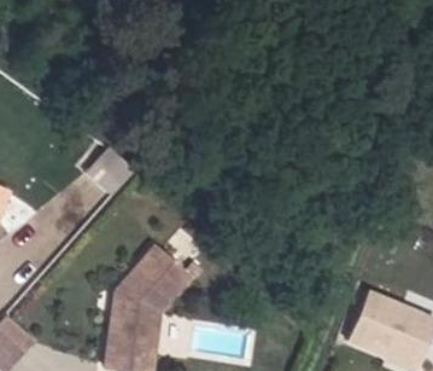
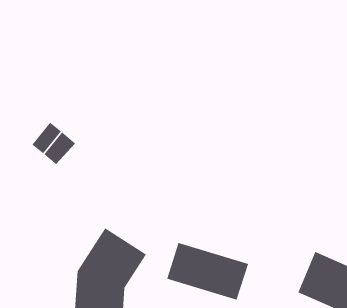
building: none -> [166,242,249,300]

